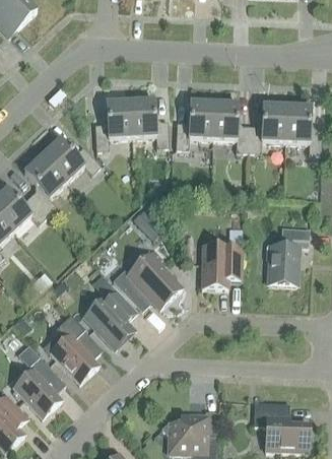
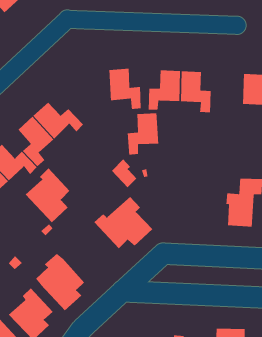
building: [94,102,132,151] -> [127,113,159,155]
building: [249,105,286,152] -> none
building: [202,242,244,288] -> none
building: [84,284,137,349] -> [25,167,70,223]

